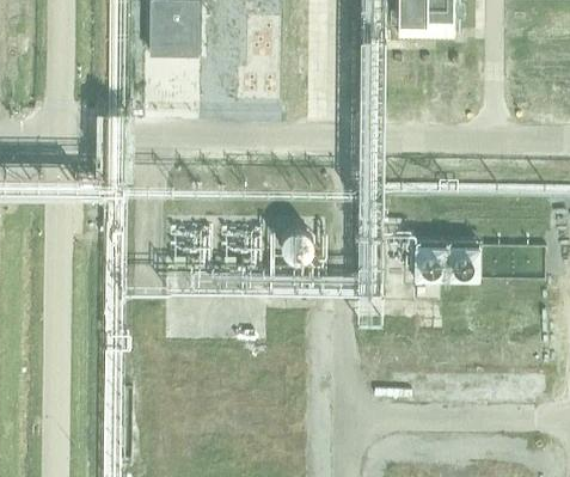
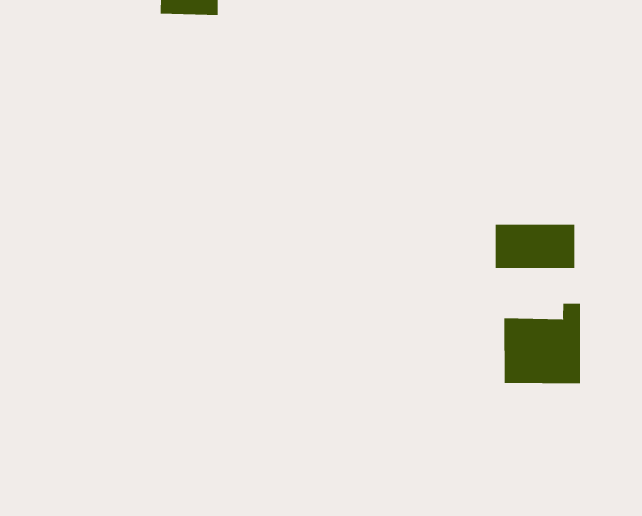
building: none -> [504,303,580,384]

